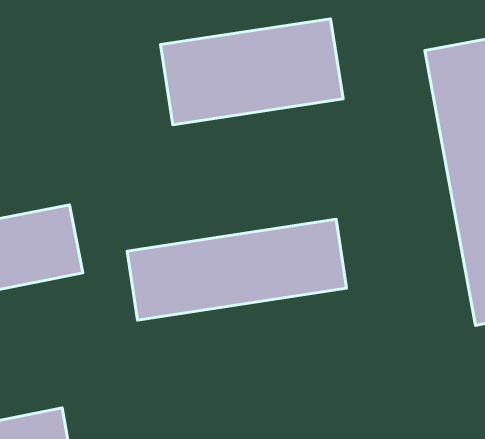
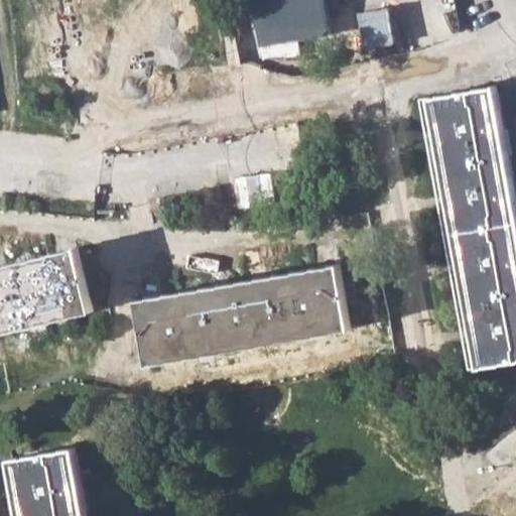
building: [160,19,343,125] -> none

